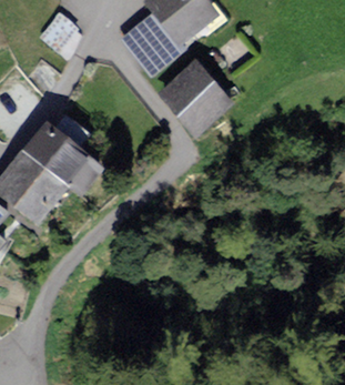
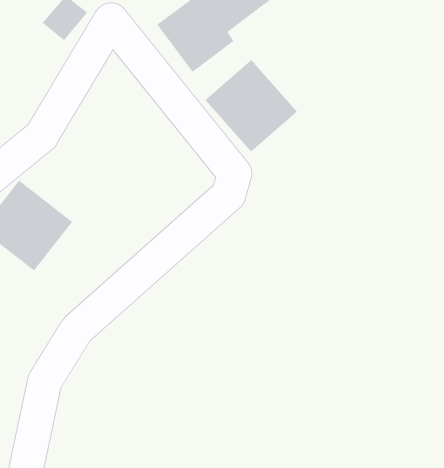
building: [24,122,100,192] -> none

